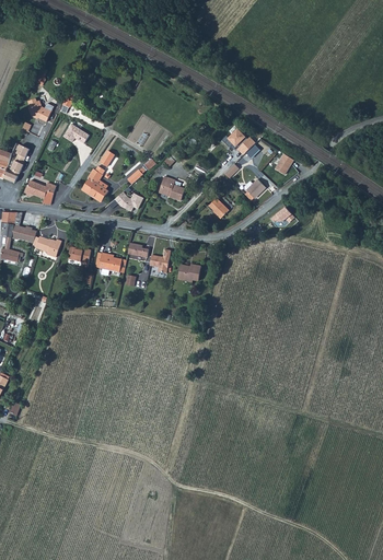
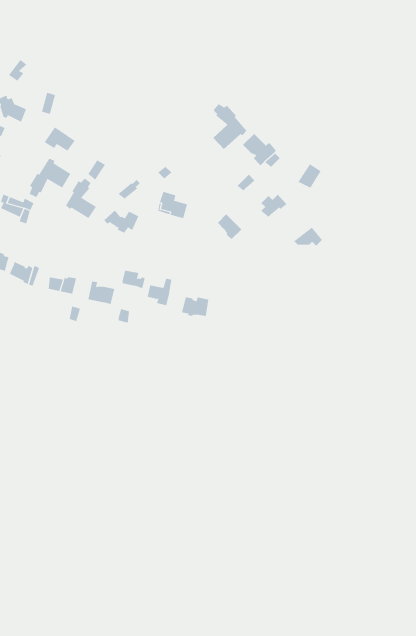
building: none -> [212,103,247,150]
building: none -> [29,158,71,198]

